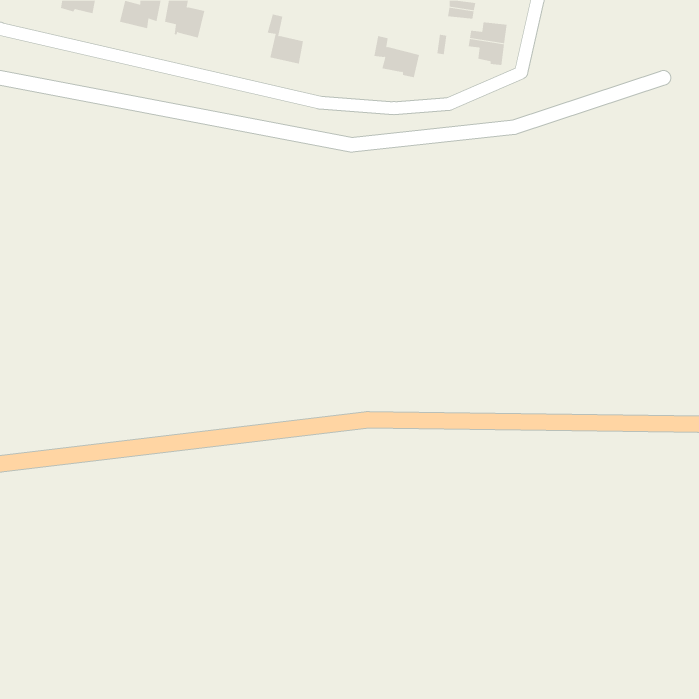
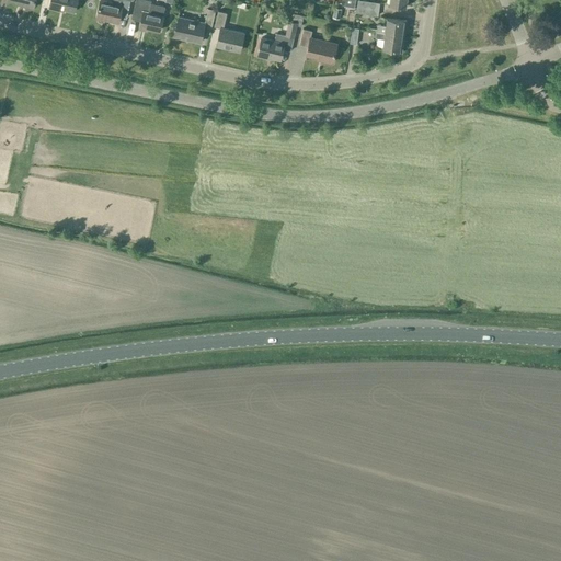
building: none -> [173,9,215,42]
building: none -> [257,21,297,60]

